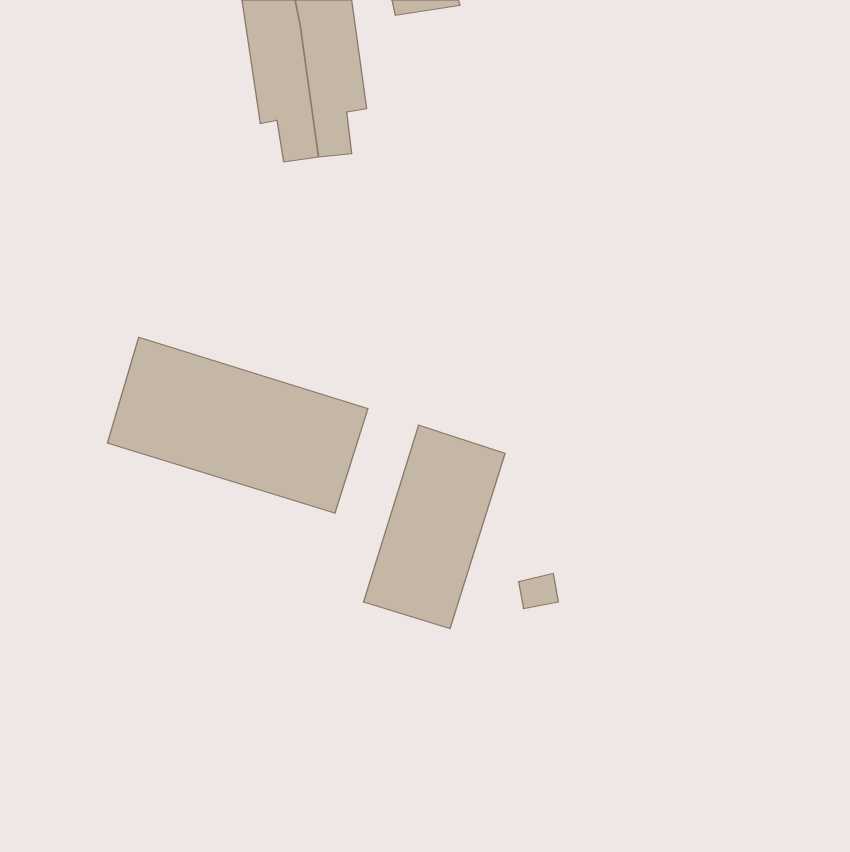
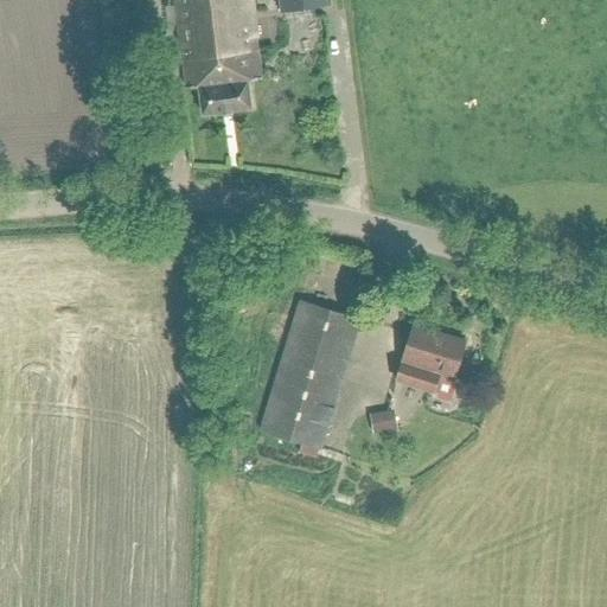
building: [108,337,368,513] -> none
building: none -> [397,325,465,400]

